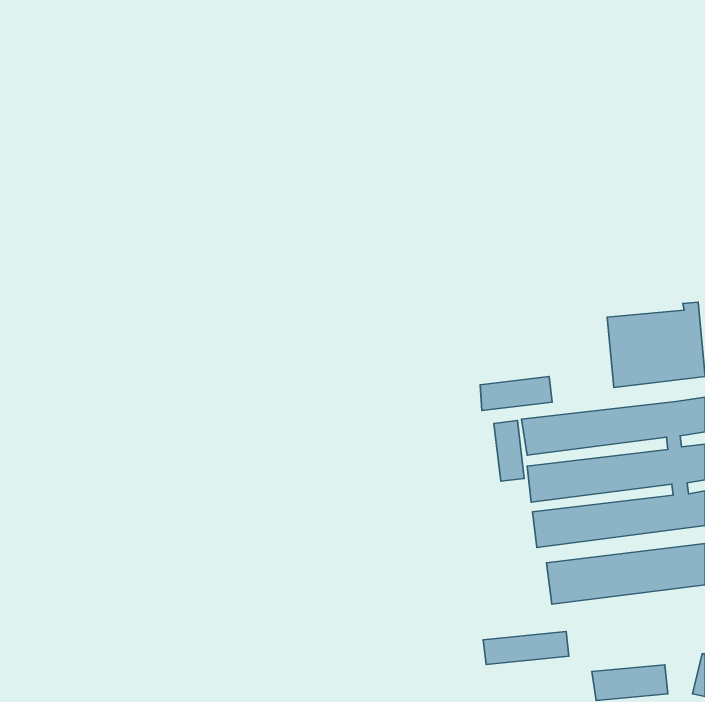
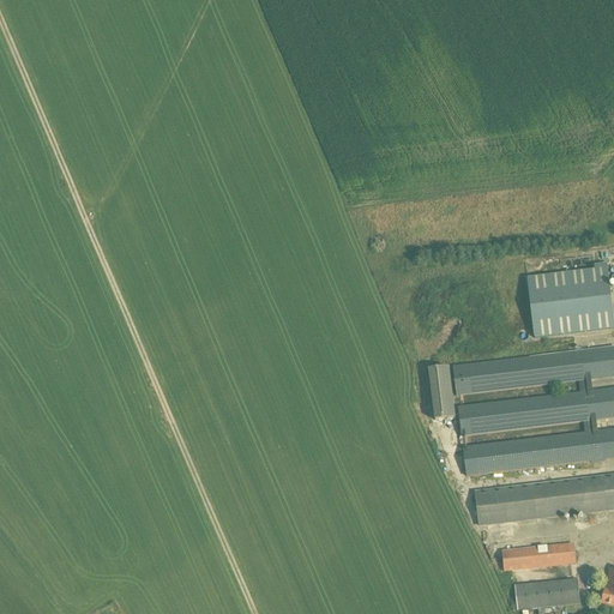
building: [480,377,552,411] -> none
building: [483,631,569,665] -> [502,542,577,571]

